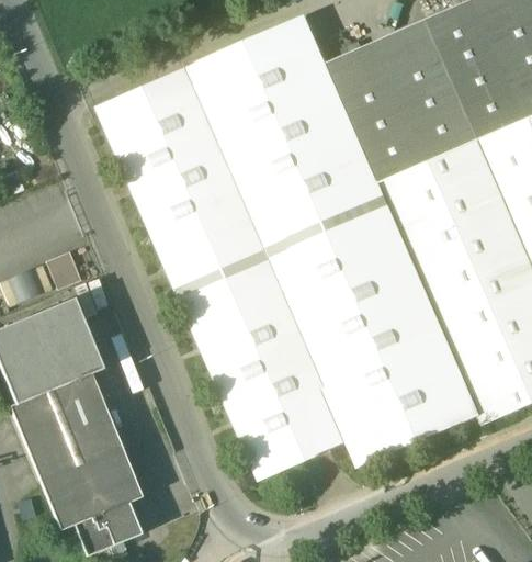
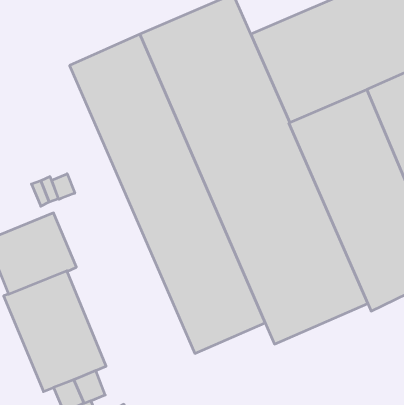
building: none -> [52,174,75,199]

